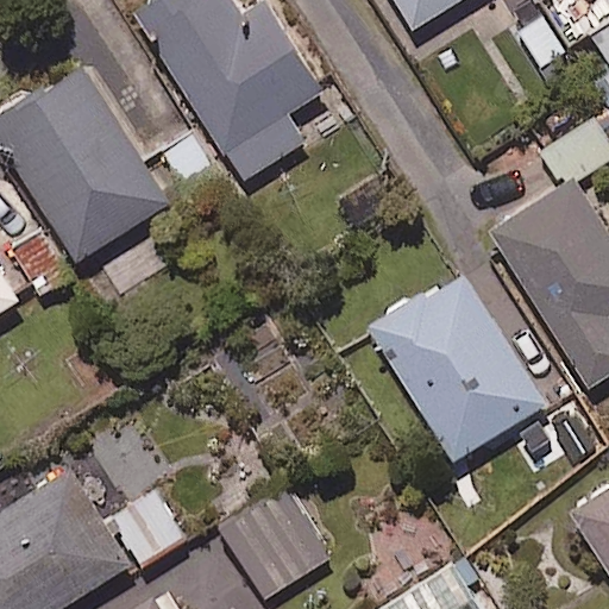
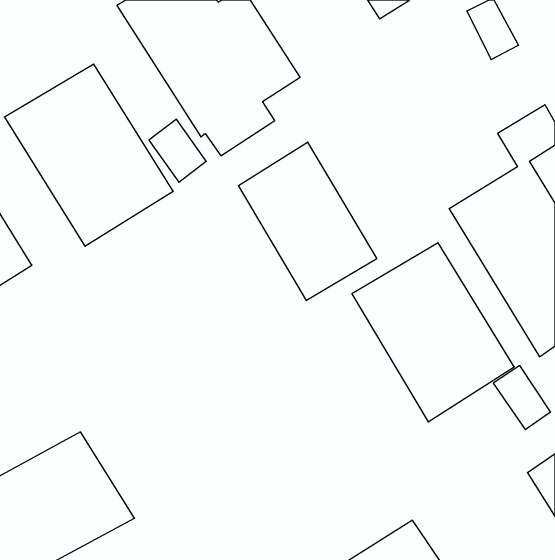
building: none -> [238,142,377,301]
building: [214,485,324,598] -> none

